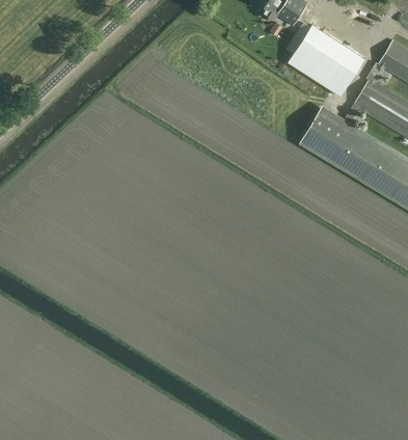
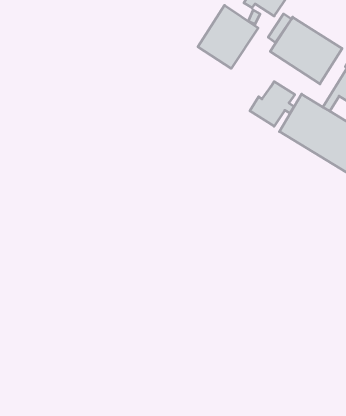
building: none -> [198,5,258,68]
building: none -> [250,82,295,126]

